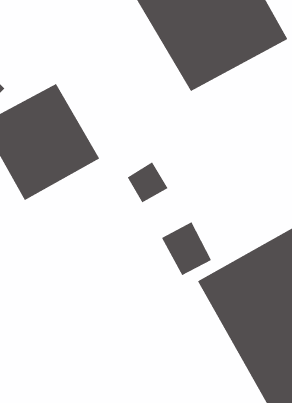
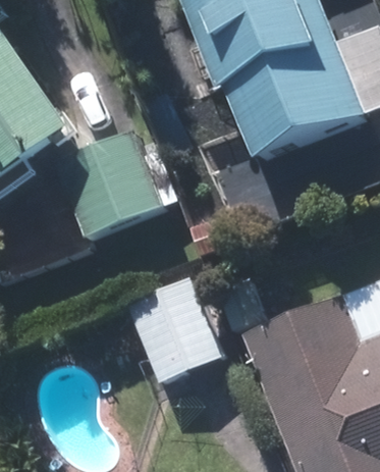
building: none -> [125,281,224,386]

